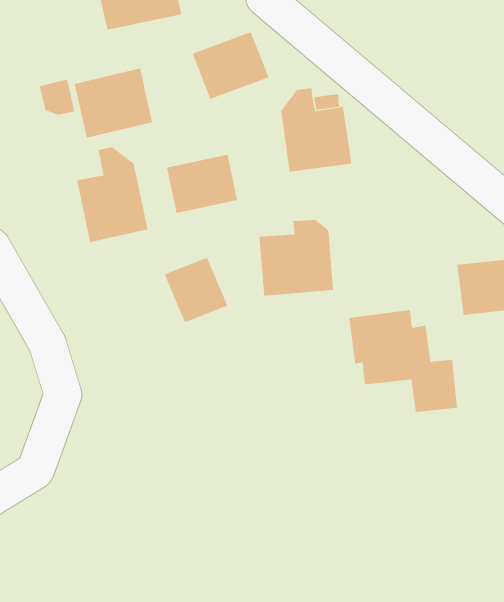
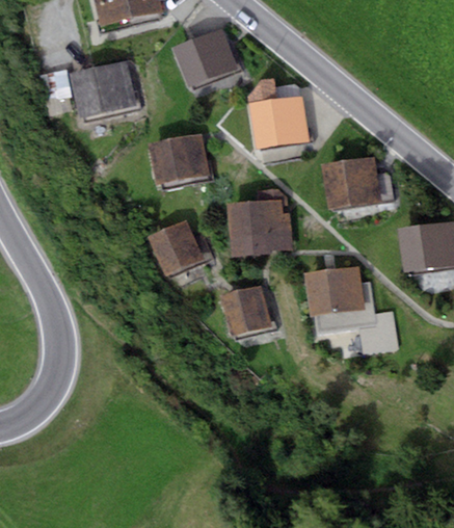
building: [77,147,148,243] -> none
building: none -> [322,158,381,209]
building: none -> [219,285,274,340]

